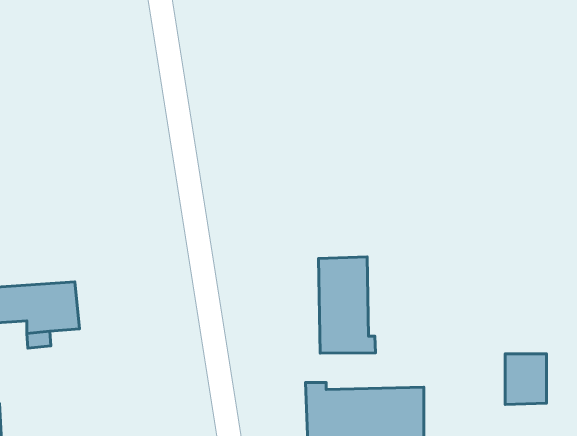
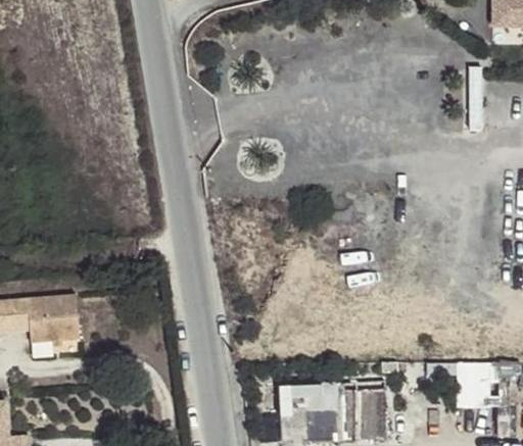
building: [318,257,375,353] -> none

